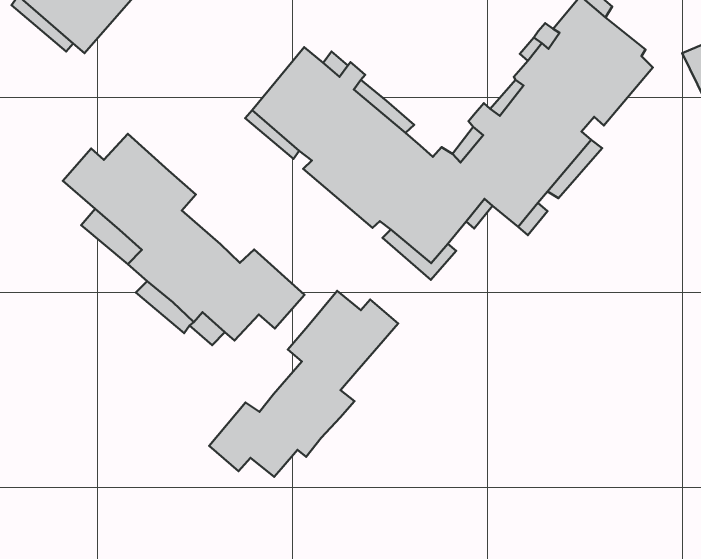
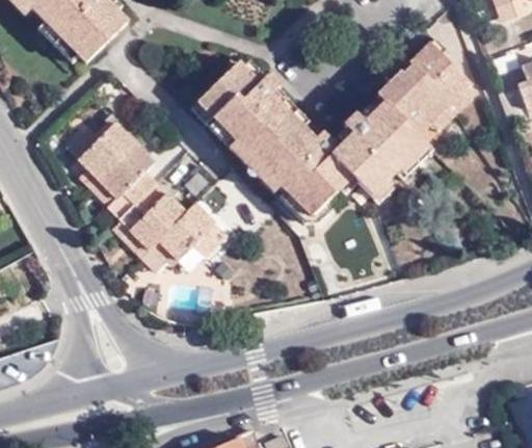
building: [209,291,398,477] -> none

